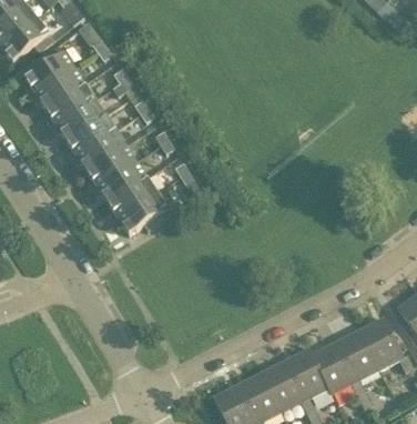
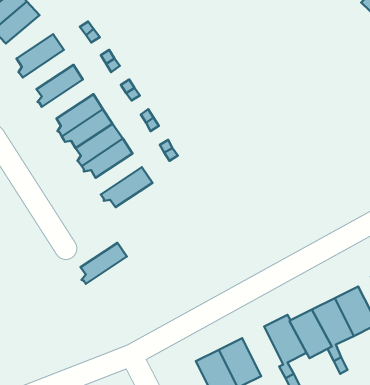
building: [32,68,85,109] -> none
building: [52,99,106,140] -> none
building: [109,176,157,220] -> [81,243,127,284]
building: [263,359,306,411] -> none

